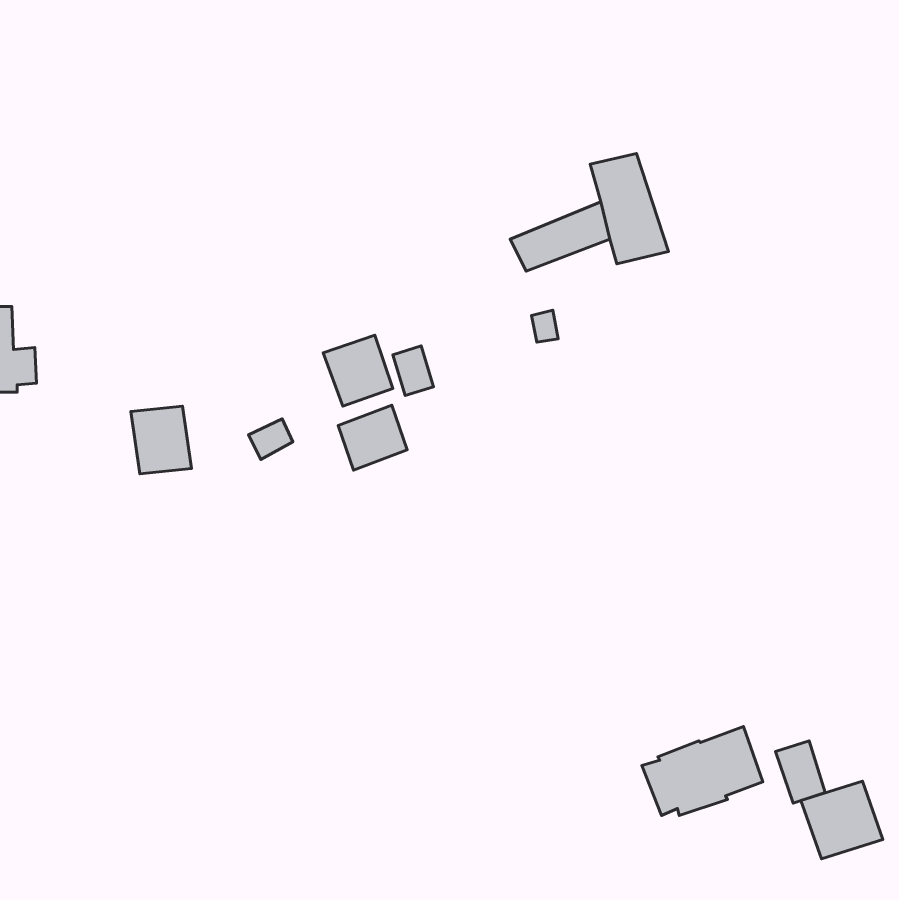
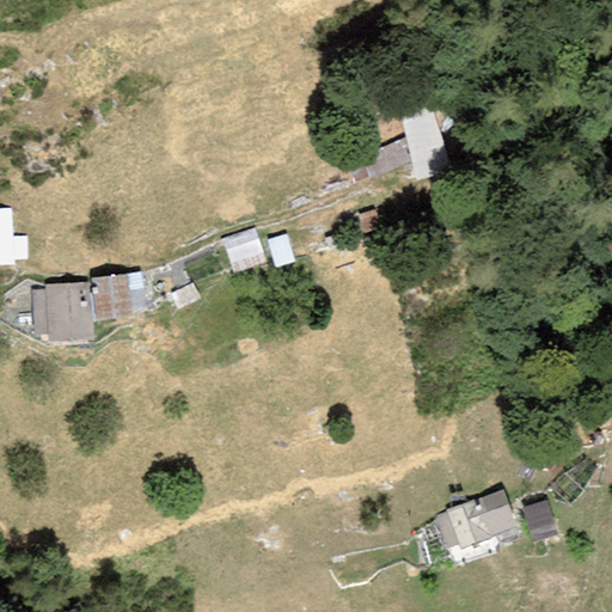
building: [338,405,407,470] -> none
building: none -> [31,280,93,341]
building: [801,781,883,859] -> none

